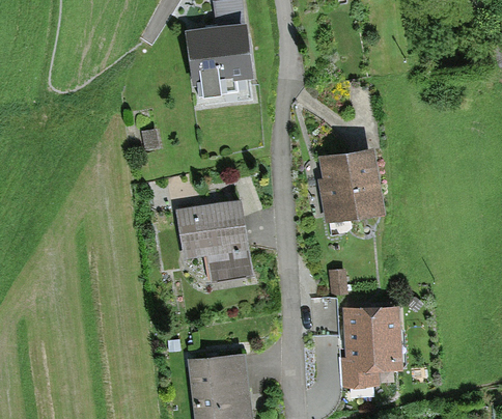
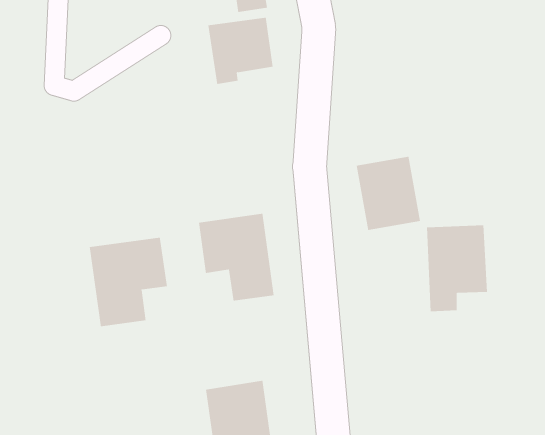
building: none -> [89,237,167,327]
building: [345,308,400,386] -> [426,225,488,312]

